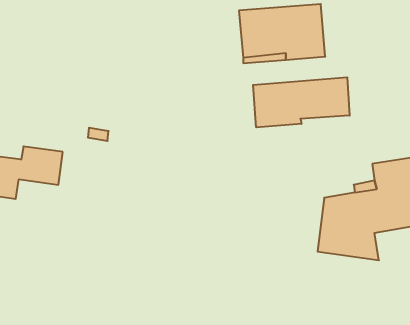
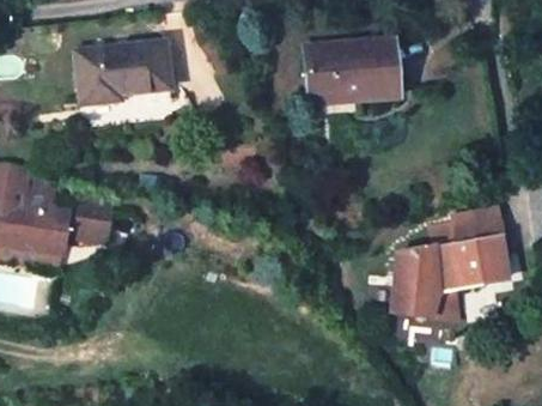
building: none -> [78,41,172,105]
building: [253,77,350,127] -> none

